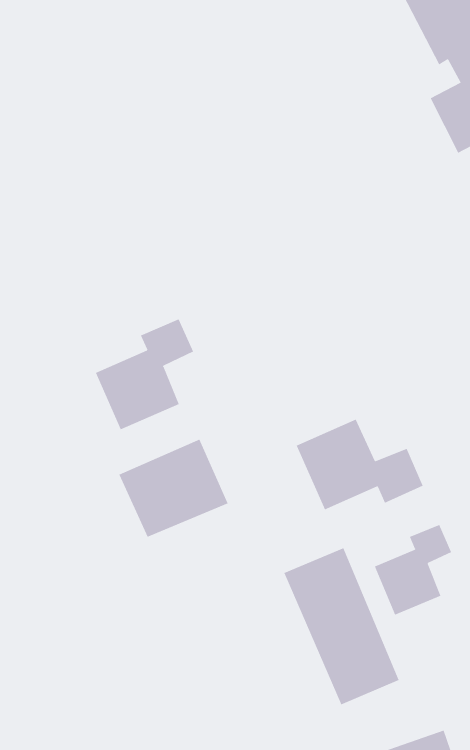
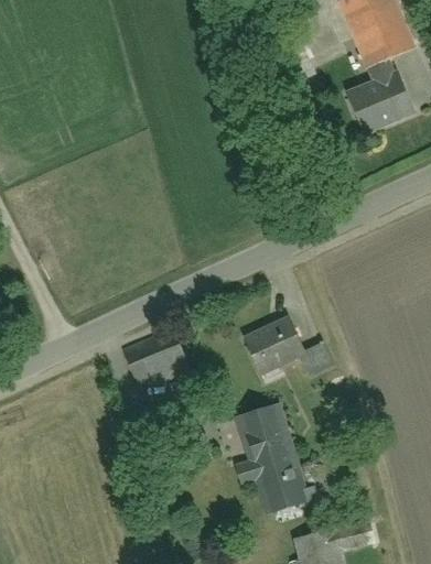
building: [95,319,194,430] -> none
building: [374,524,452,616] -> none

